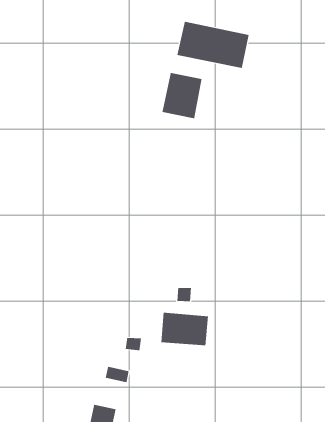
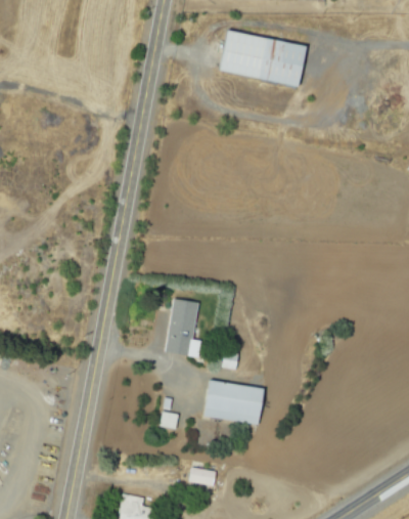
building: [162,72,202,119] -> none
building: none -> [165,299,201,358]
building: [105,366,130,383] -> [187,467,217,487]

